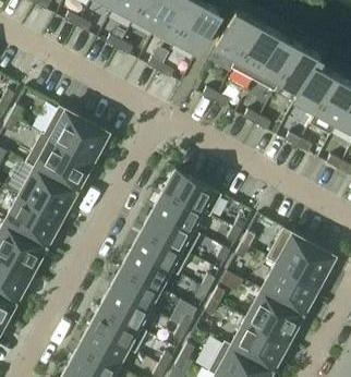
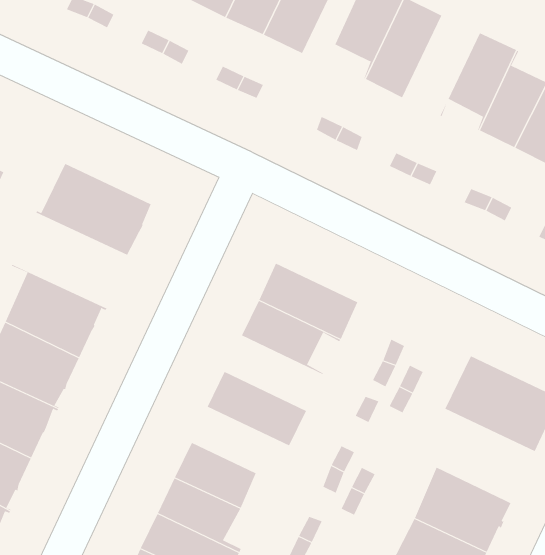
building: [252,37,298,94] -> none
building: [24,136,90,193] -> none
building: [142,212,198,257] -> none
building: [121,252,177,291] -> none
building: [259,260,316,317] -> none

